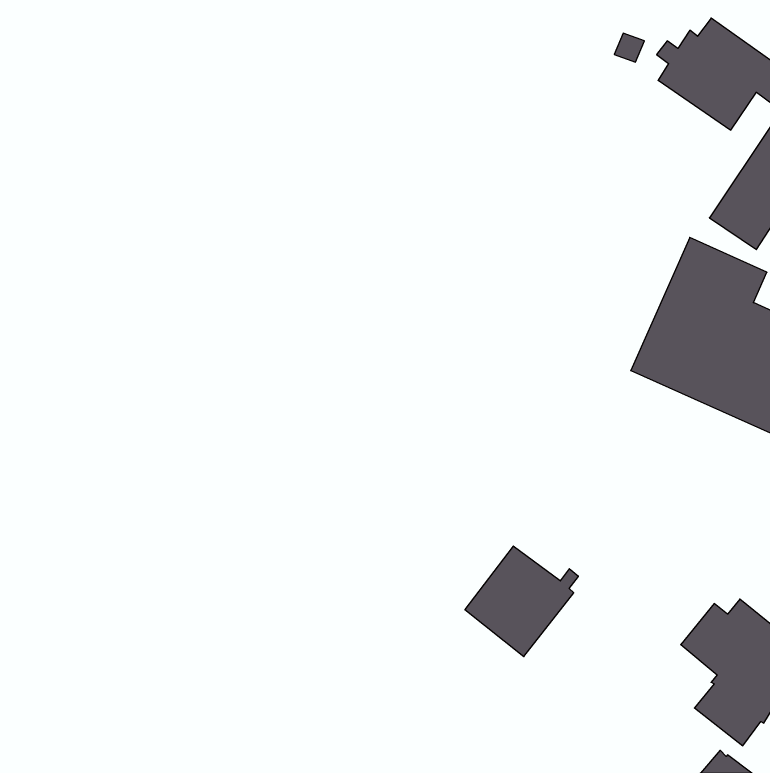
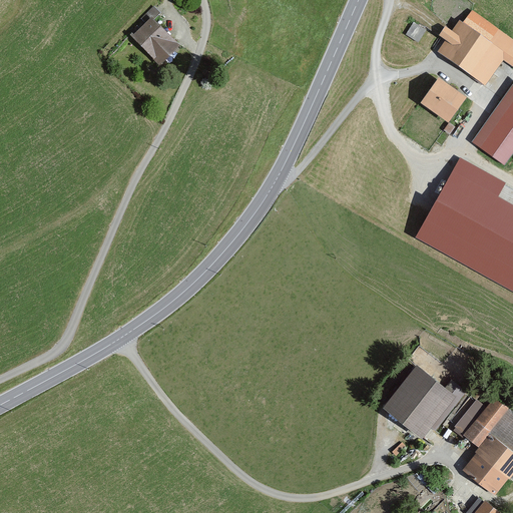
building: none -> [130,17,178,66]
building: none -> [419,78,465,123]
building: [465,546,578,657] -> [382,365,457,438]

